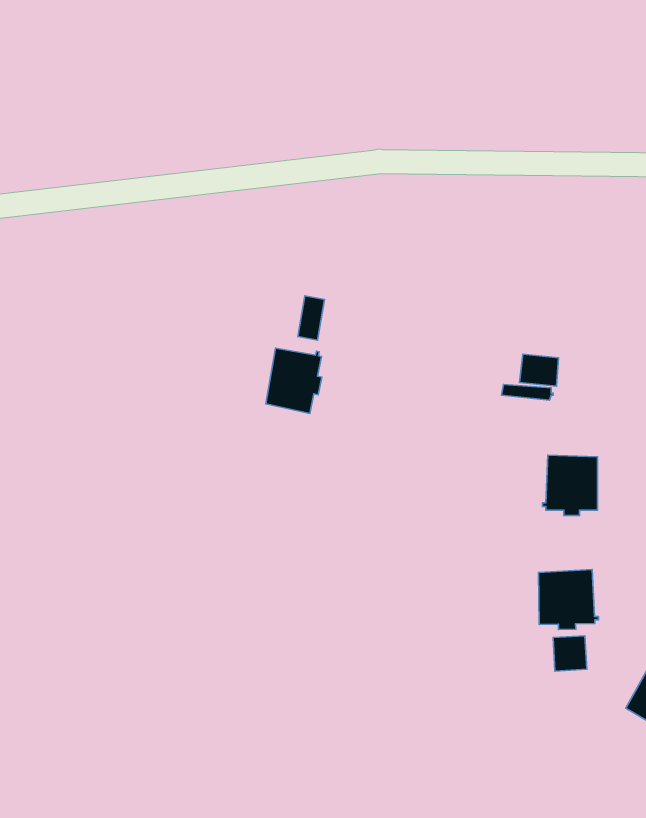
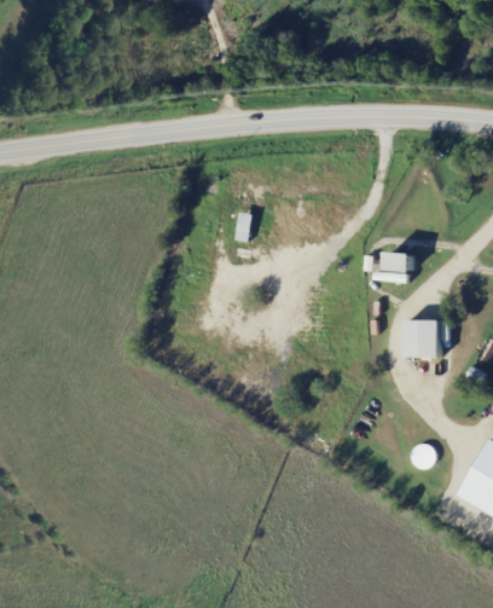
building: [266,348,322,414] -> none
building: [539,570,599,629] -> none

